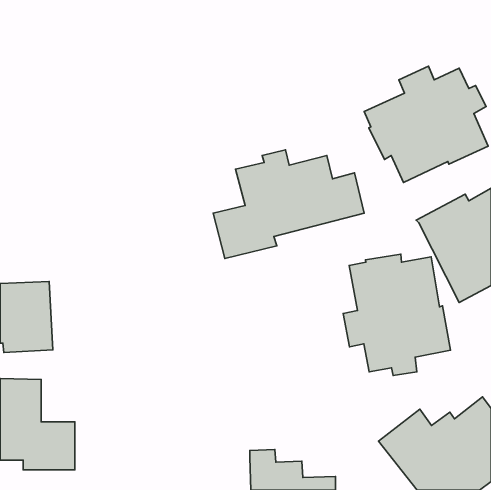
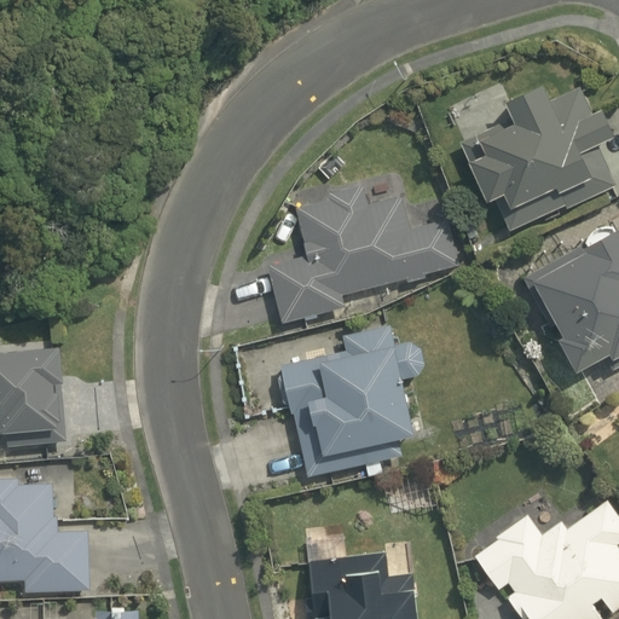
building: [343,254,451,375] -> none
building: none -> [276,330,424,478]

